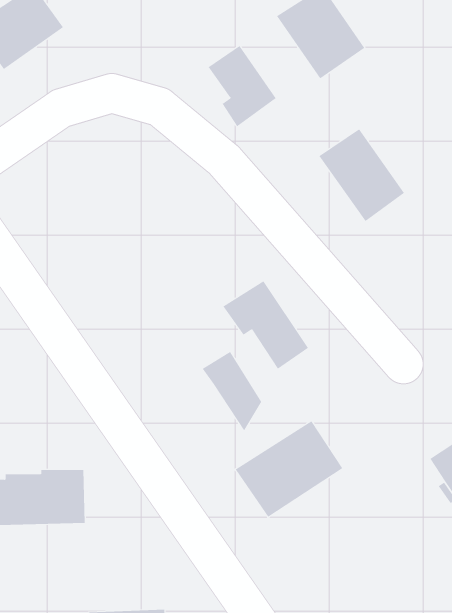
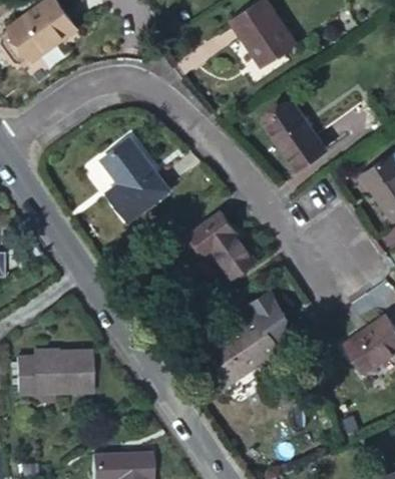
building: [208,45,277,127] -> none
building: none -> [102,139,167,220]
building: [202,351,262,432] -> [249,292,293,351]

